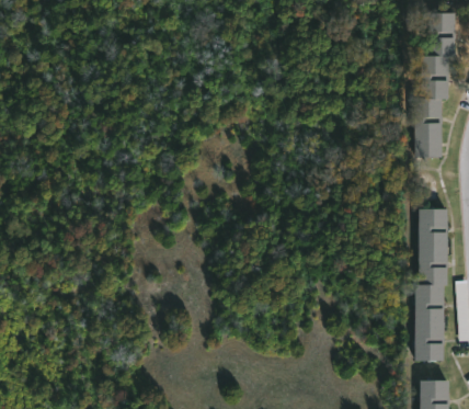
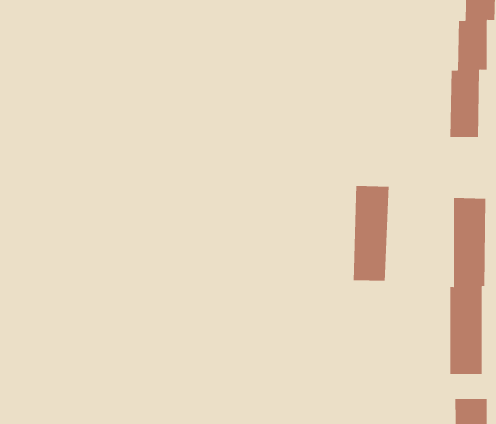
building: none -> [353,185,389,282]

